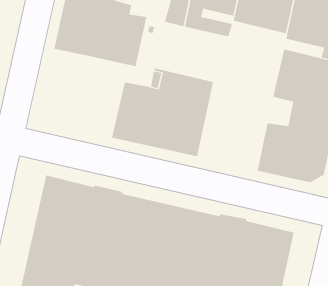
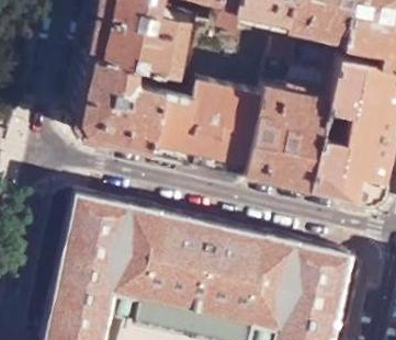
building: none -> [246,43,340,191]
building: none -> [72,57,166,155]

